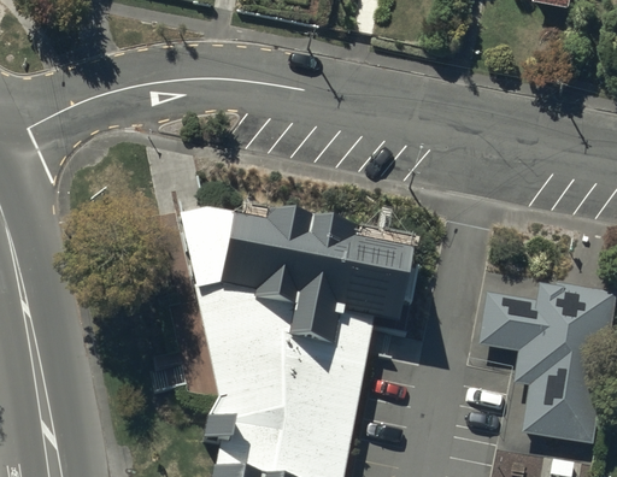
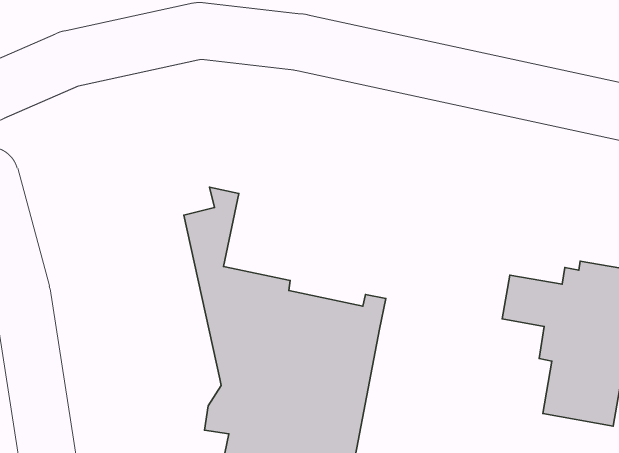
building: [221,214,413,325] -> none

